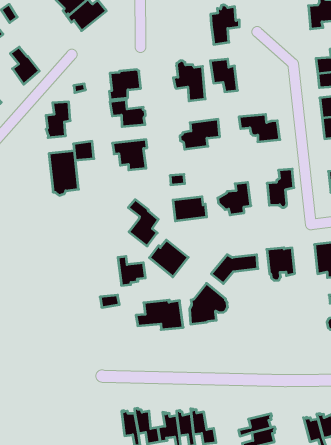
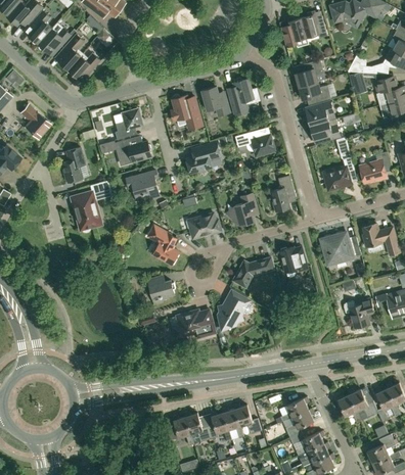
building: [211,5,239,44] -> [227,78,255,114]
building: [149,240,188,277] -> none

